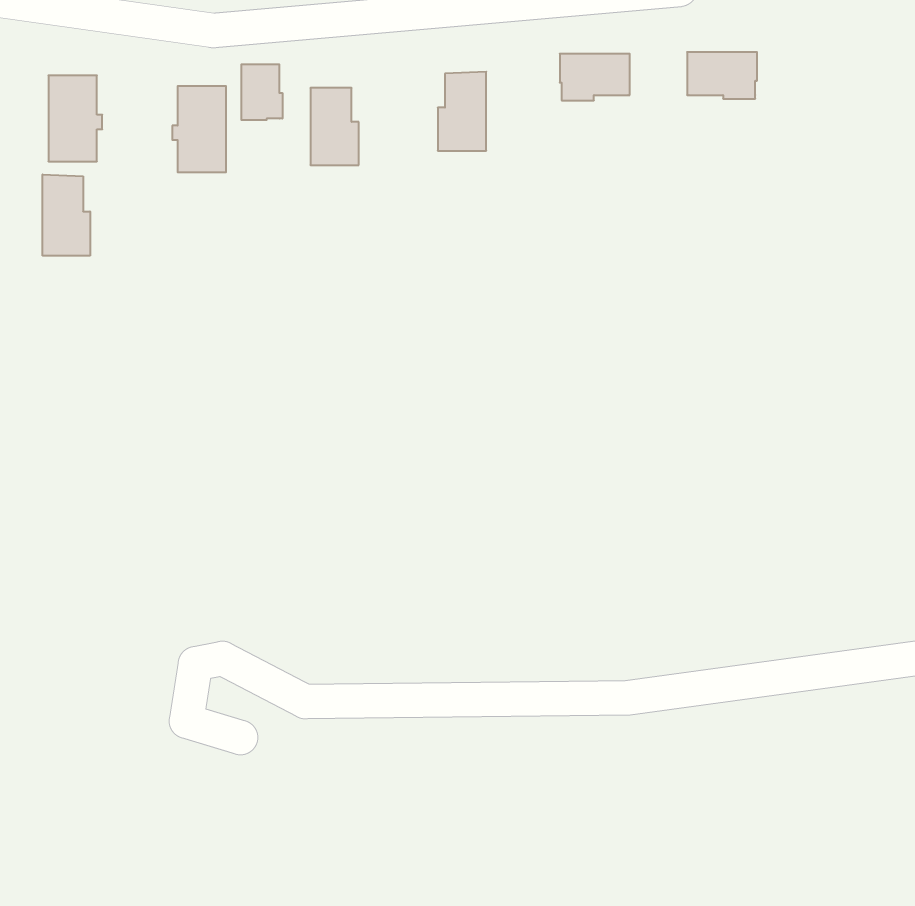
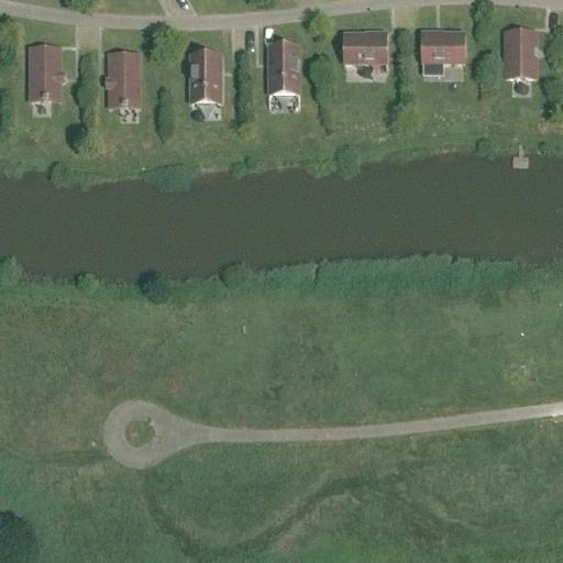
building: none -> [505,30,536,76]
building: [241,64,282,120] -> none
building: [43,174,90,256] -> none

